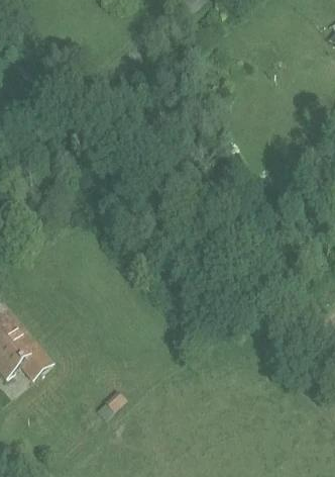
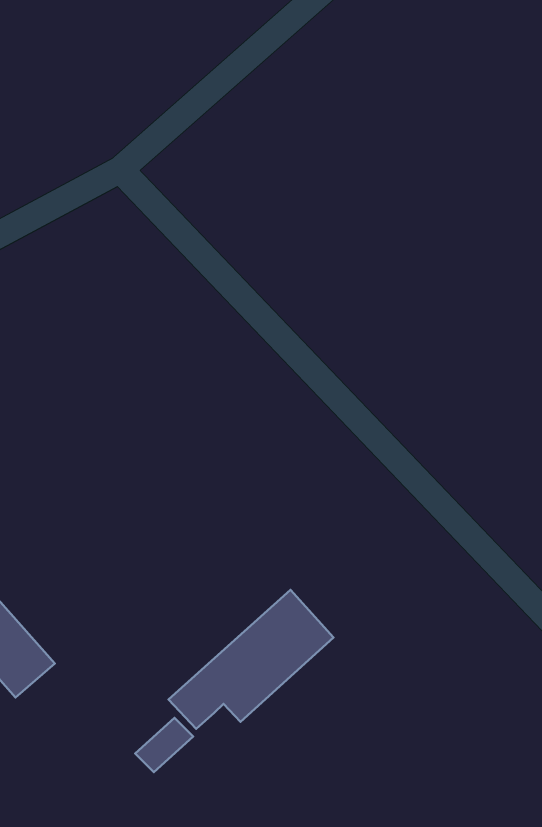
building: none -> [169,590,333,729]

